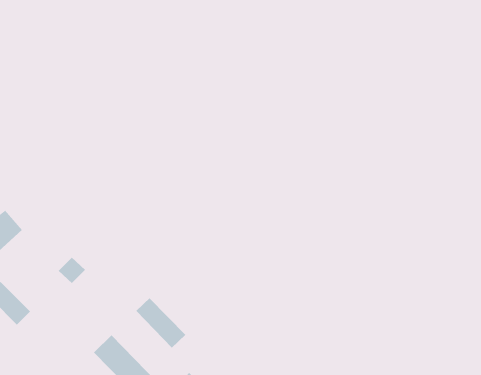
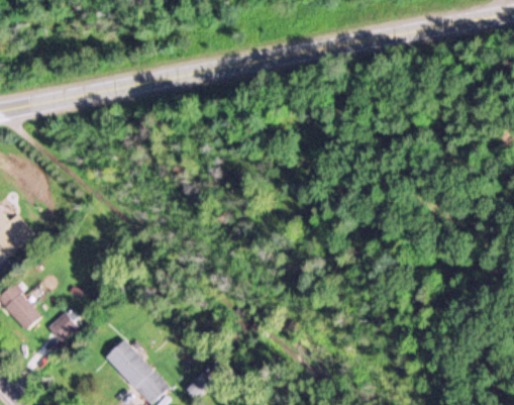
building: [58,257,86,284] -> [49,312,78,339]
building: [135,297,186,348] -> none

